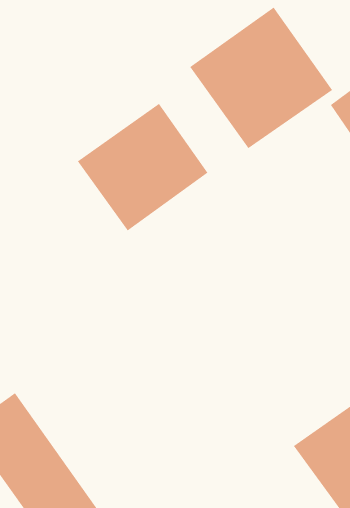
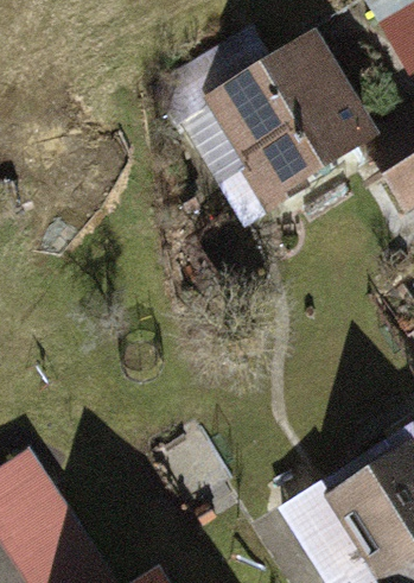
building: [77,103,209,232] -> none

